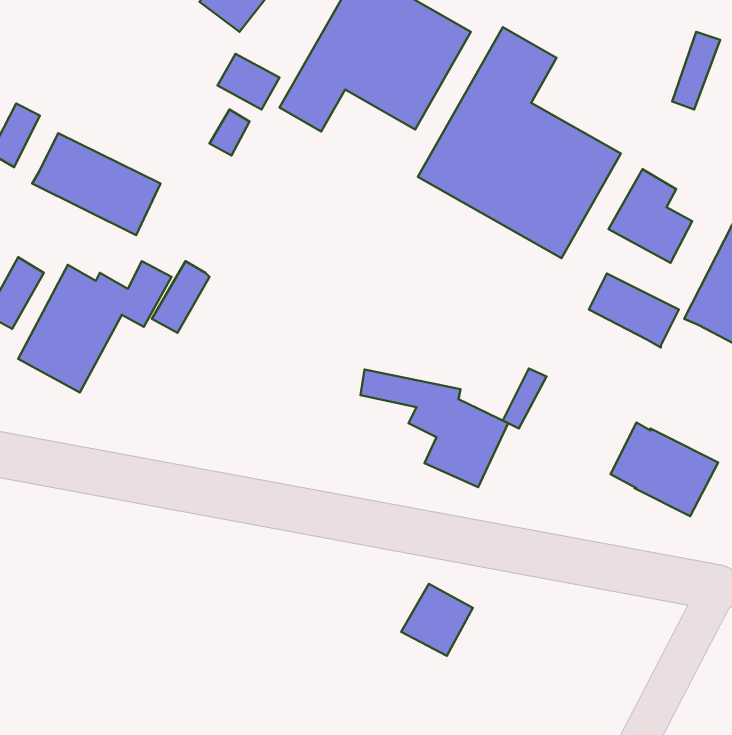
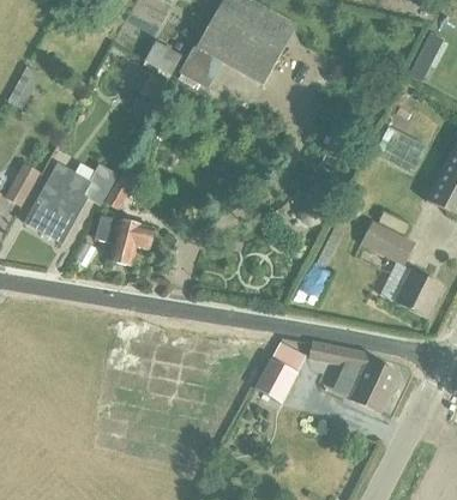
building: [418,27,621,258] -> none
building: [32,133,161,235] -> none
building: [589,274,679,347] -> [361,222,415,266]
building: none -> [95,215,154,265]
building: [361,369,508,487] -> [309,342,398,412]

